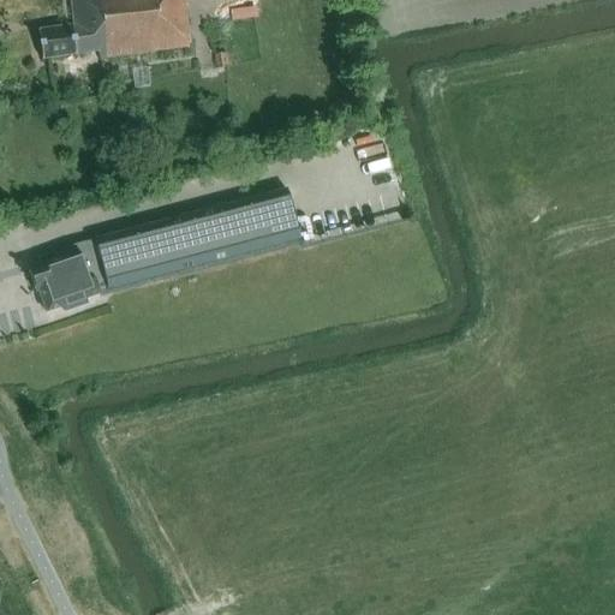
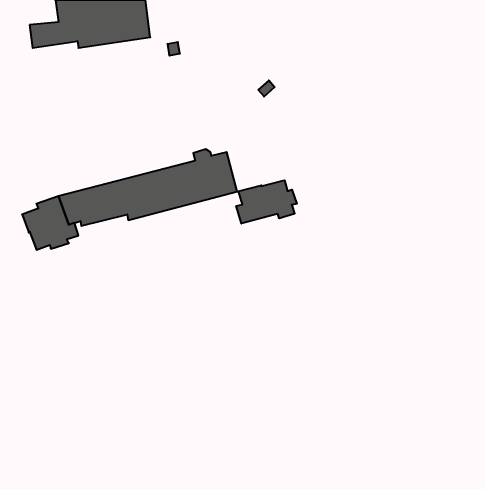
building: none -> [236,180,297,224]

